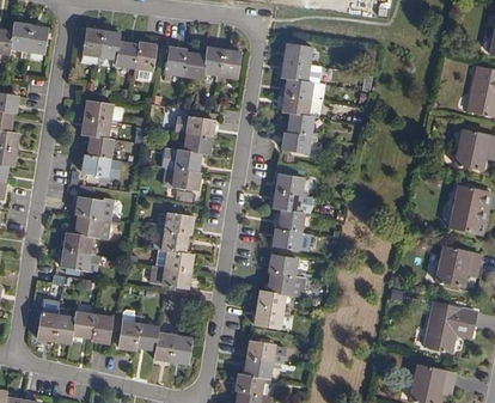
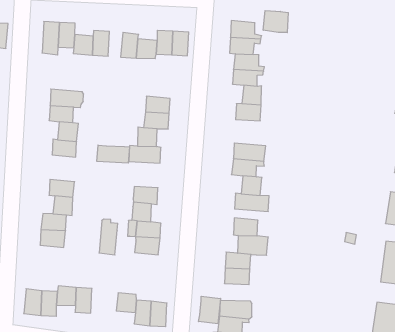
building: none -> [263,11,288,33]
building: none -> [97,145,129,163]
building: [118,313,141,353] -> [99,219,118,255]
building: none -> [199,296,221,324]

